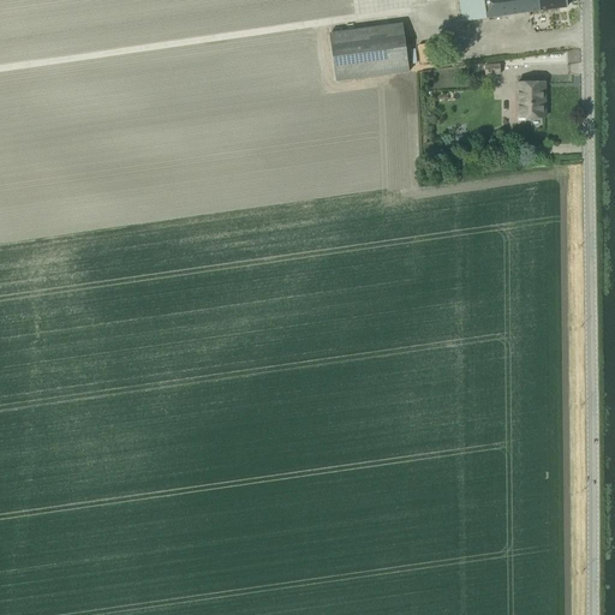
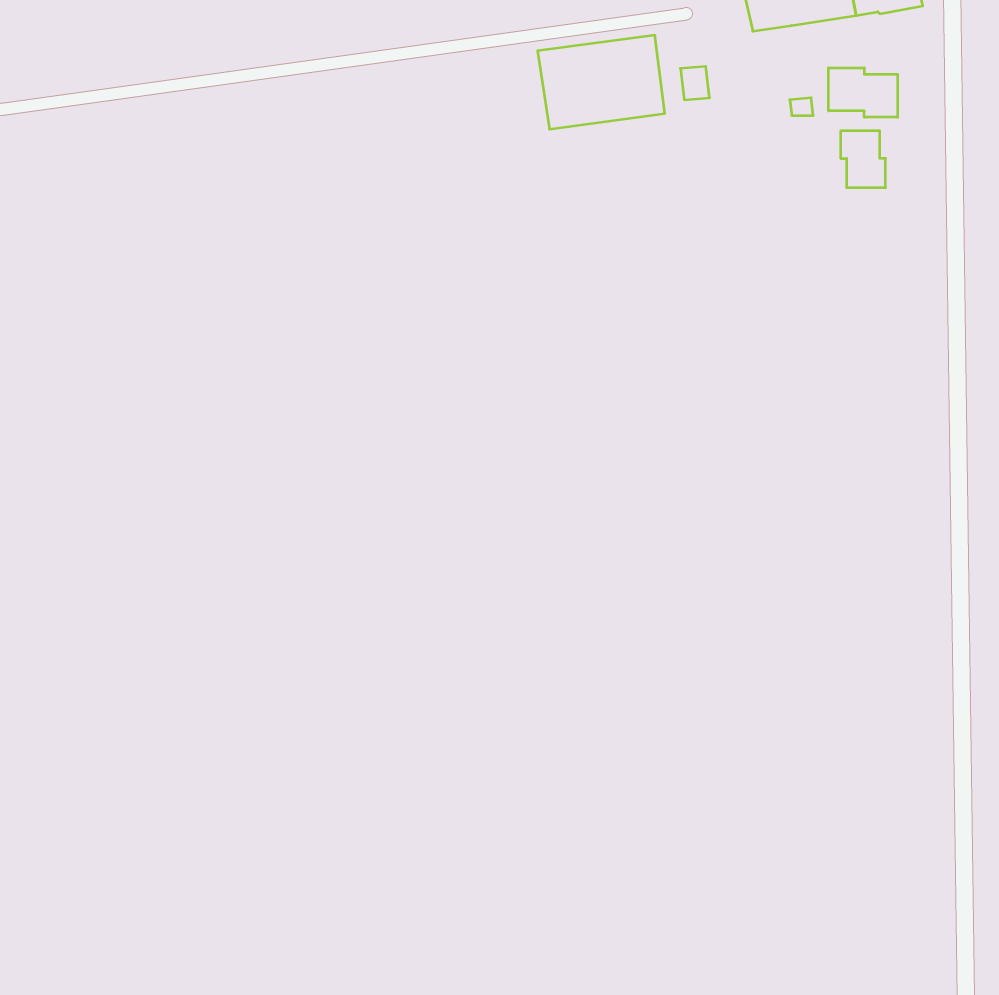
building: none -> [829,68,898,117]

